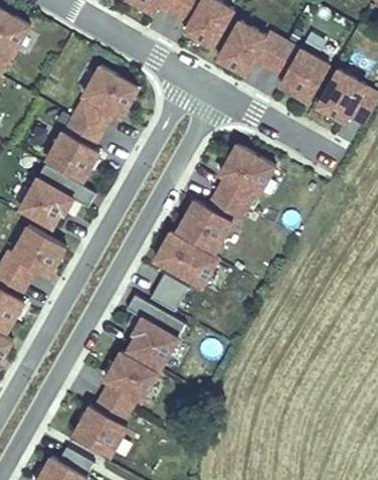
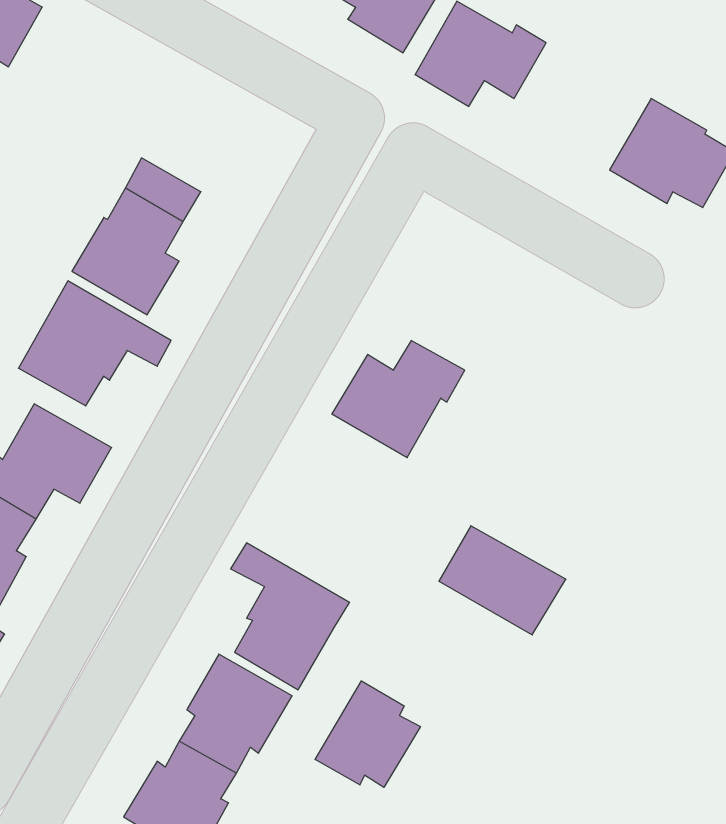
building: [268,42,330,102] -> none
building: [82,64,138,116] -> none
building: [216,145,273,208] -> none
building: [153,232,217,288] -> [439,526,566,635]
building: [148,274,187,313] -> none
building: none -> [315,681,420,787]

